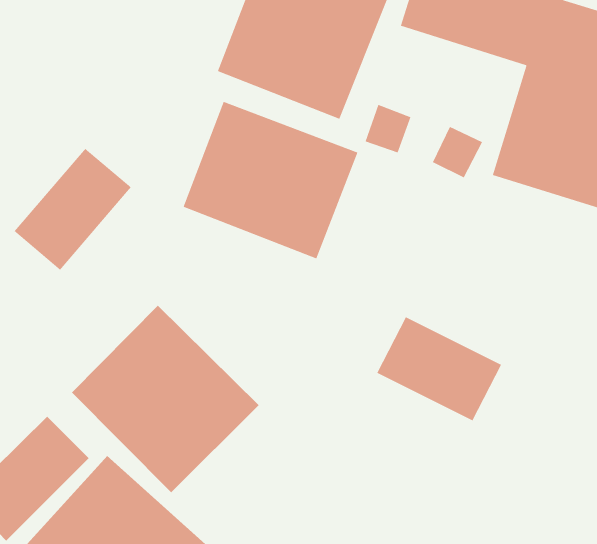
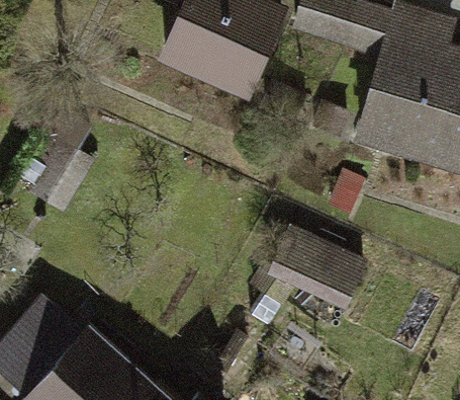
building: [183,101,358,260] -> none
building: [71,305,259,493] -> none

